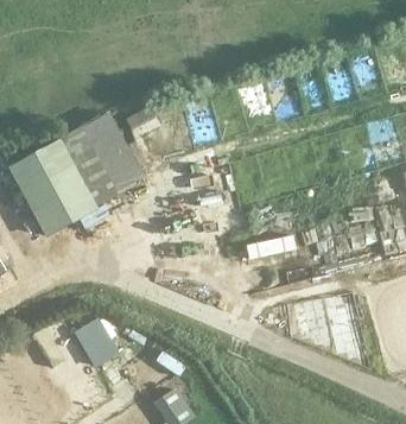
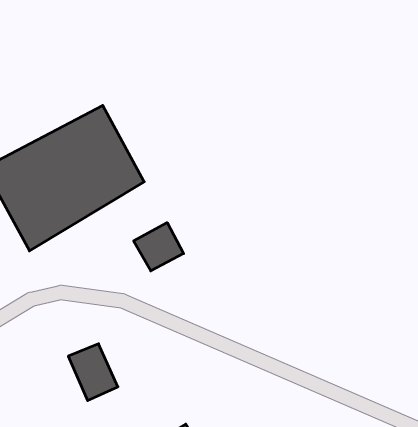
building: none -> [134,223,184,271]

